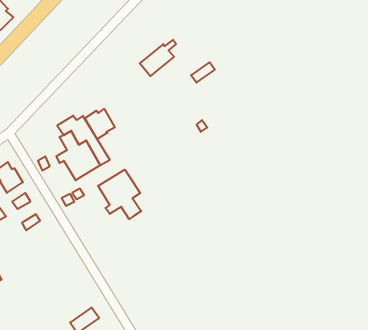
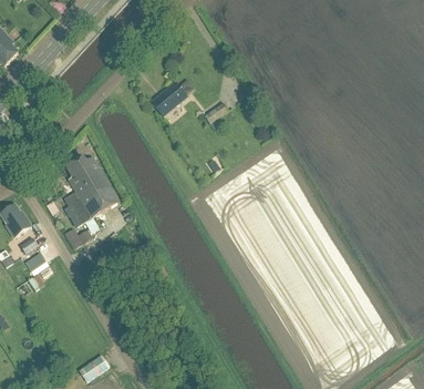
building: [85,109,115,139] -> none
building: [98,170,141,219] -> none

